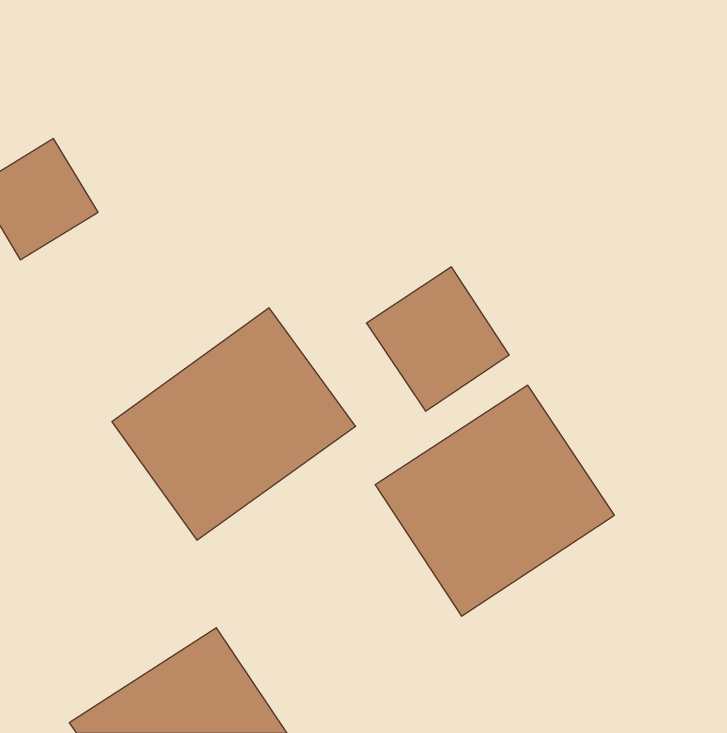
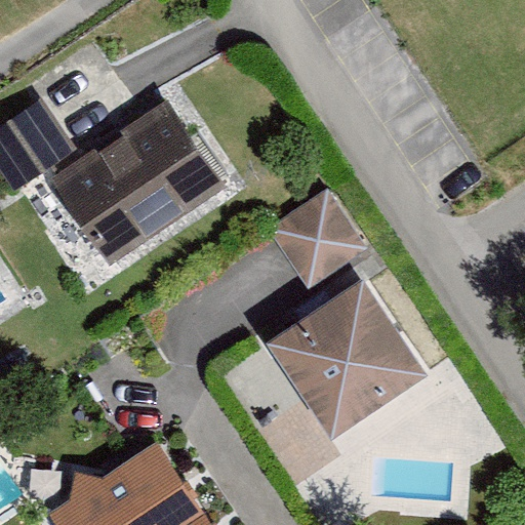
building: [112,308,356,540] -> [50,104,224,269]

